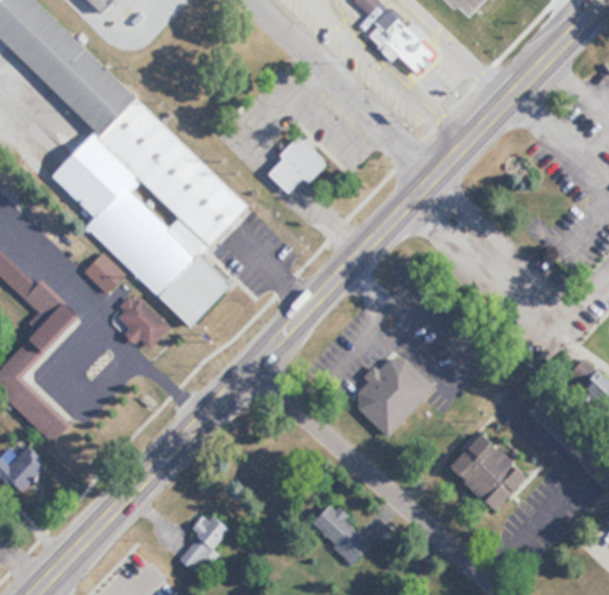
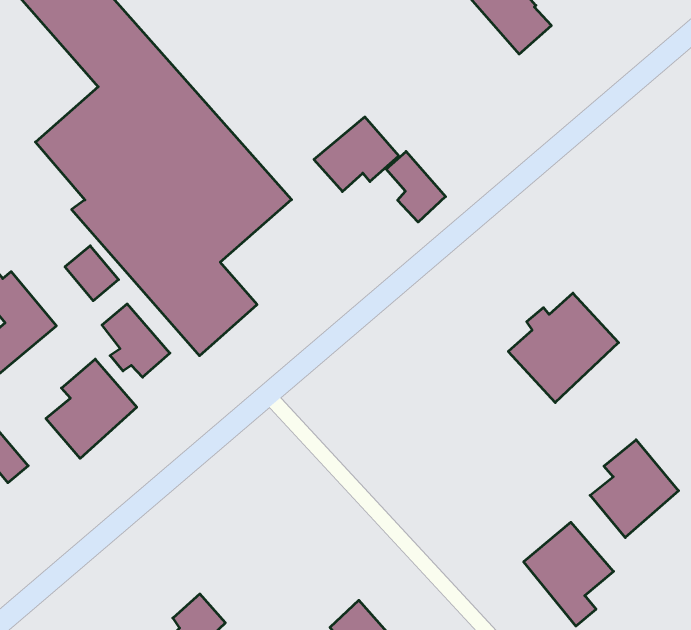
building: none -> [386,151,446,222]
building: none -> [46,359,137,458]
building: [351,352,434,437] -> [508,293,619,403]
building: none -> [590,440,679,538]

